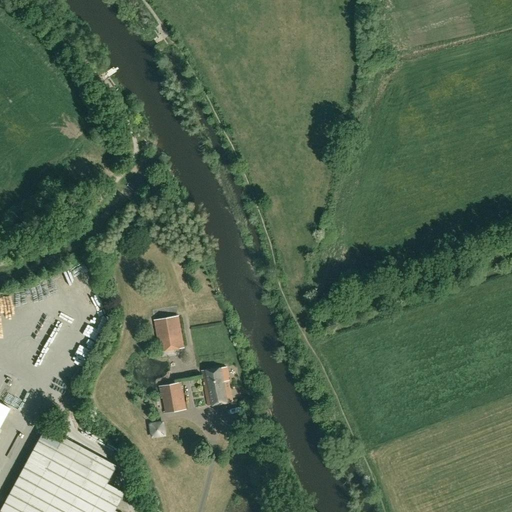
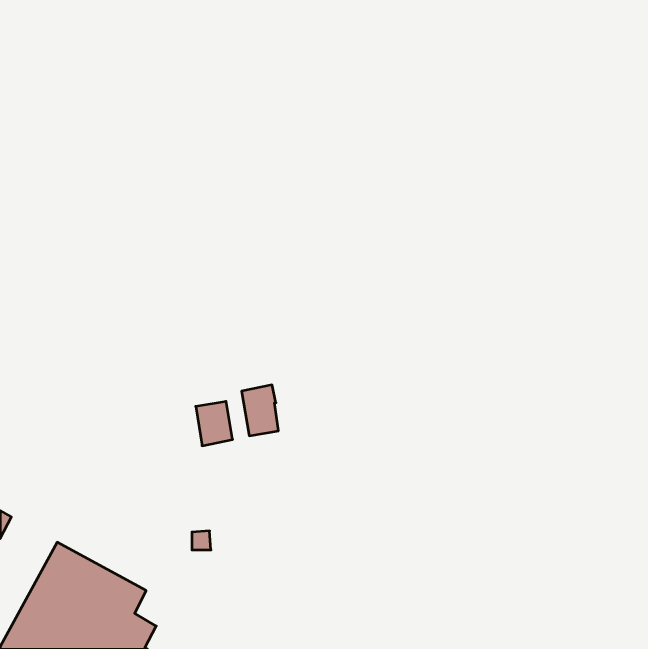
building: [202,366,231,406] -> [242,385,278,436]
building: [160,382,186,413] -> none

